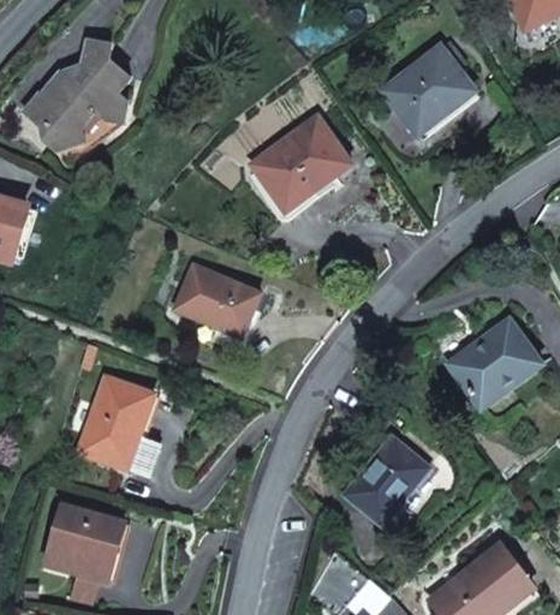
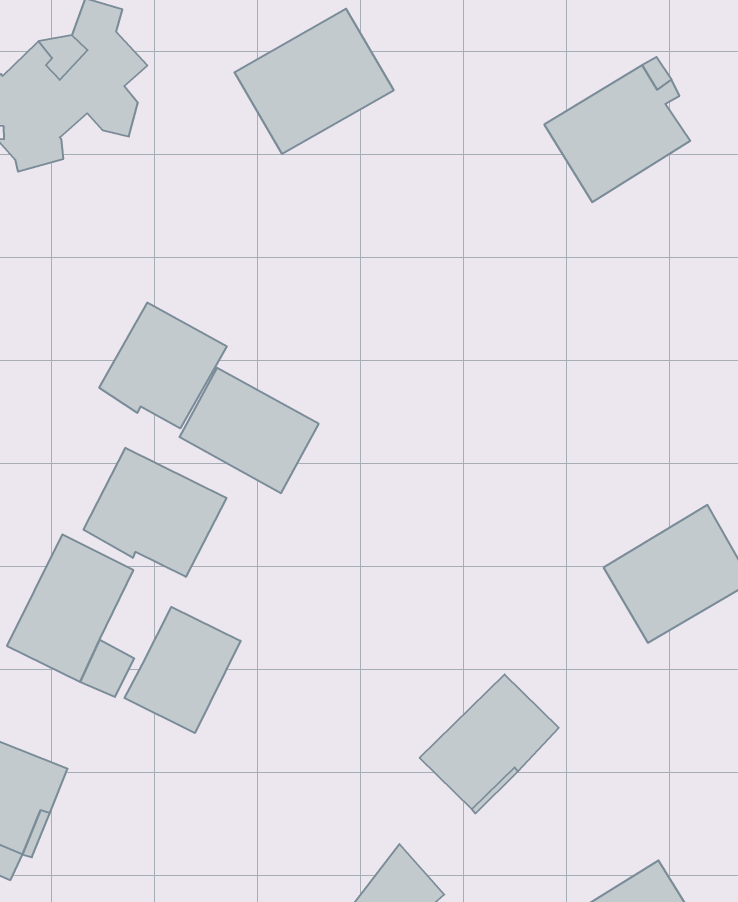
building: [250,117,351,211] -> [234,9,394,154]
building: none -> [99,303,227,428]
building: none -> [84,448,226,577]
building: none -> [124,607,241,733]

